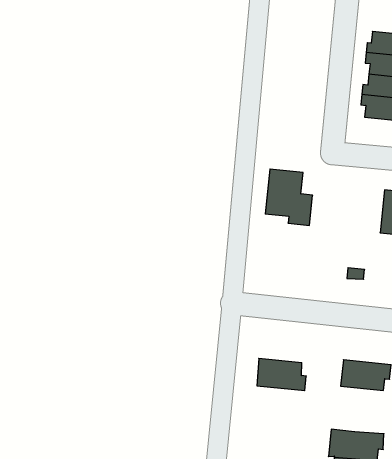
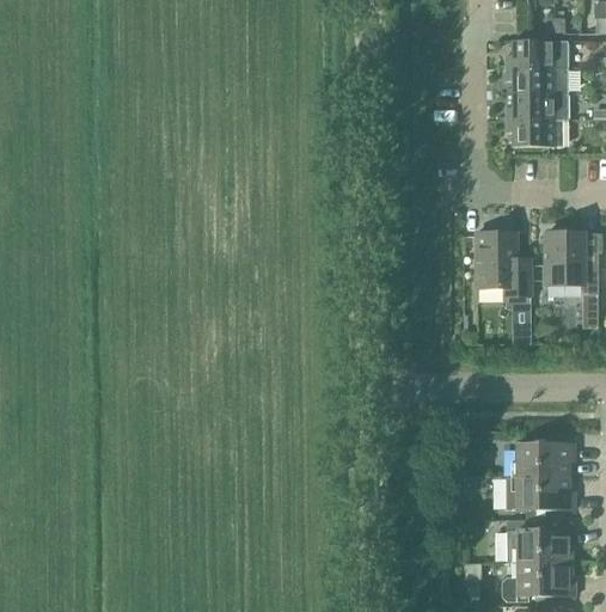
building: [265,169,313,225] -> [476,232,531,295]
building: [257,358,306,391] -> [516,476,576,509]

